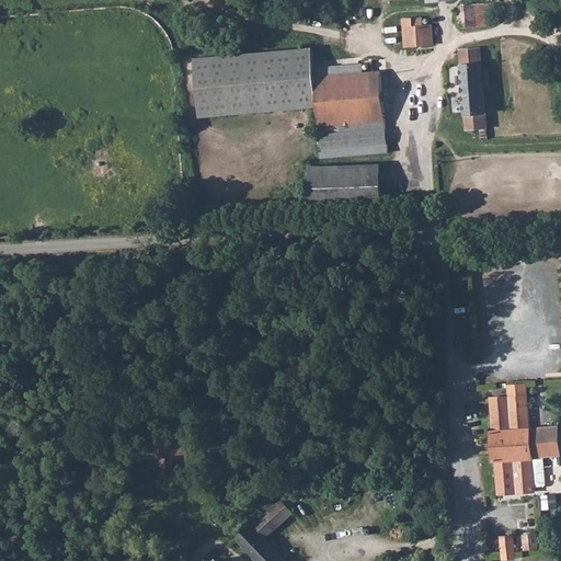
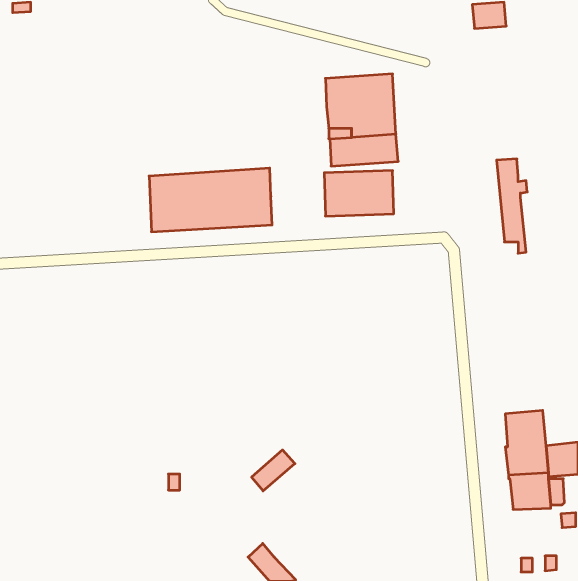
building: [401,19,430,46] -> none
building: [196,48,314,110] -> [149,168,272,232]
building: [457,49,486,140] -> [497,159,527,253]
building: [253,497,295,537] -> [252,450,295,491]

